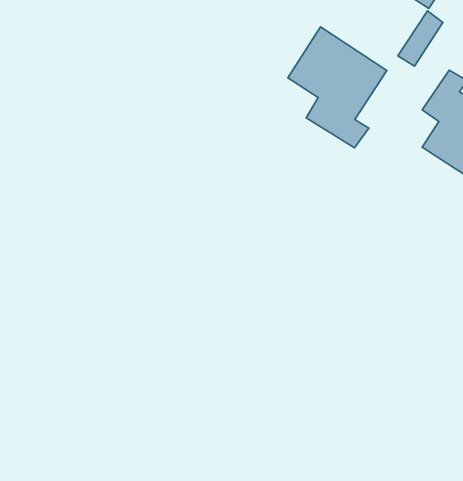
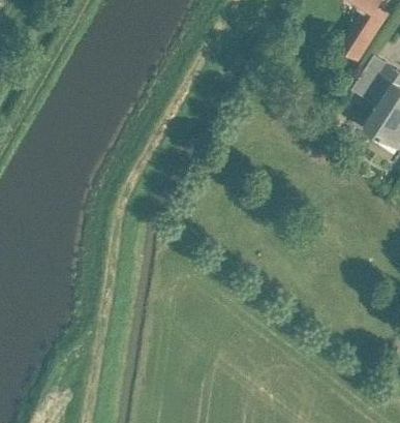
building: [288,27,387,148] -> none

